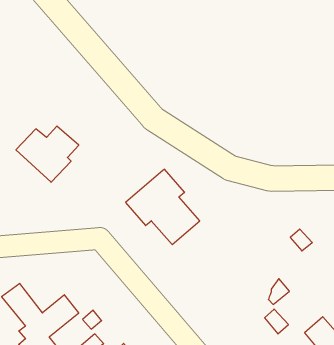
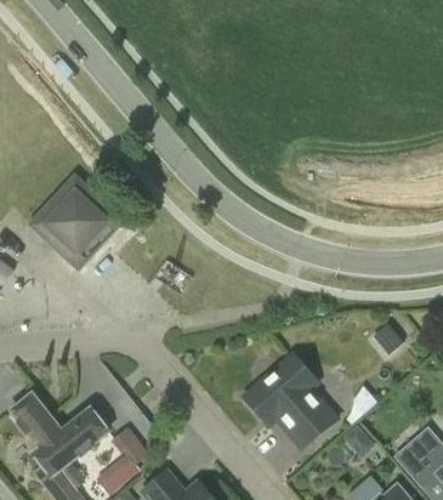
building: [126,169,200,245] -> [243,353,337,449]

